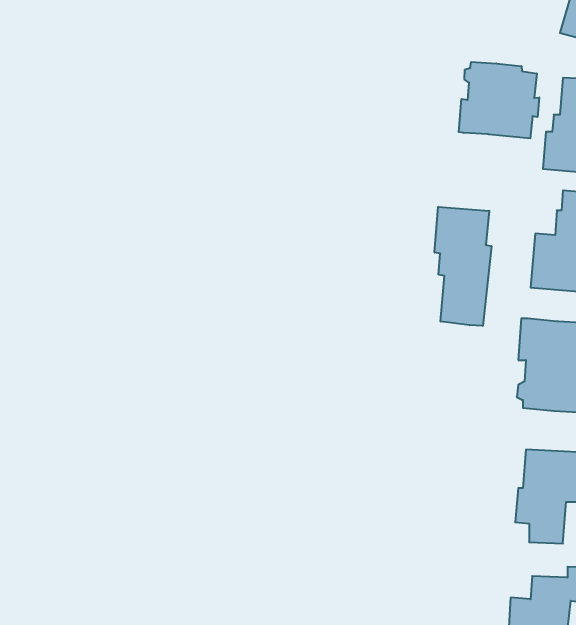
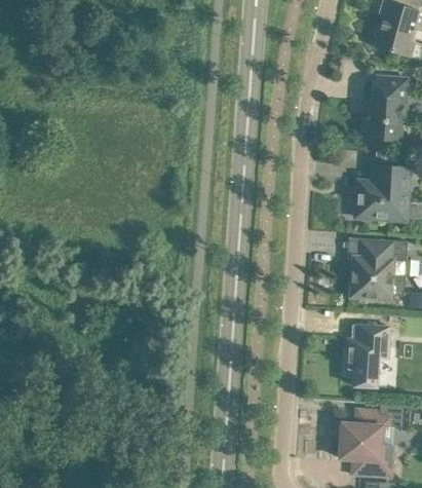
building: [459,62,539,138] -> none
building: [435,207,491,326] -> none

